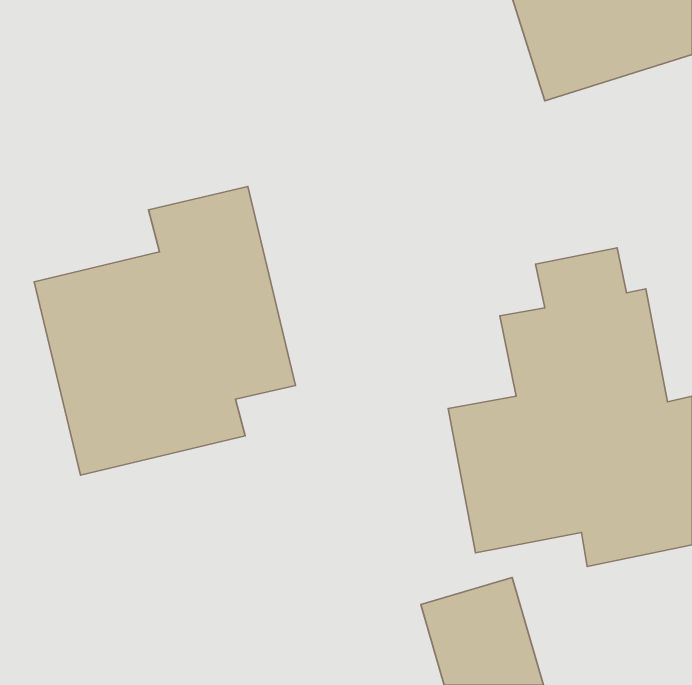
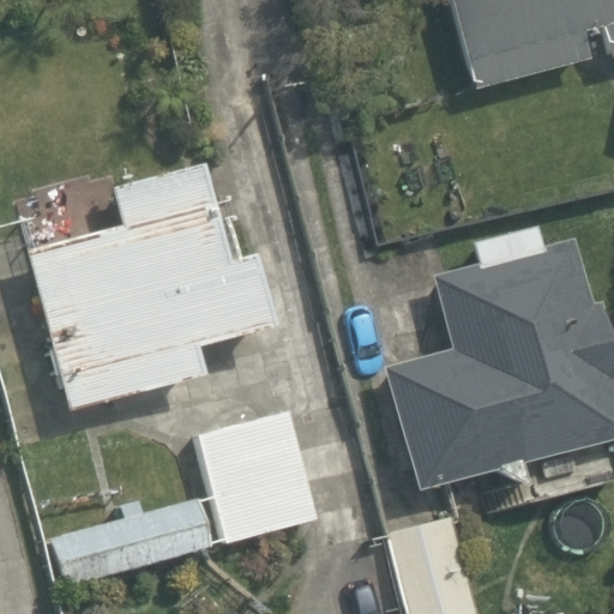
building: none -> [38,404,313,584]

